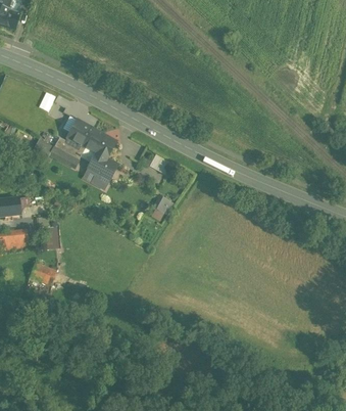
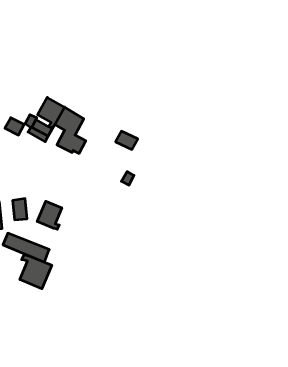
building: none -> [37,201,62,229]
building: none -> [20,255,52,289]

